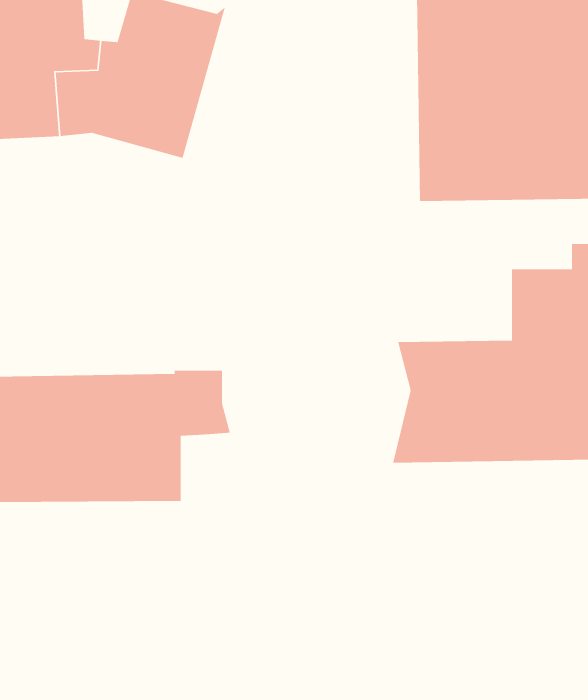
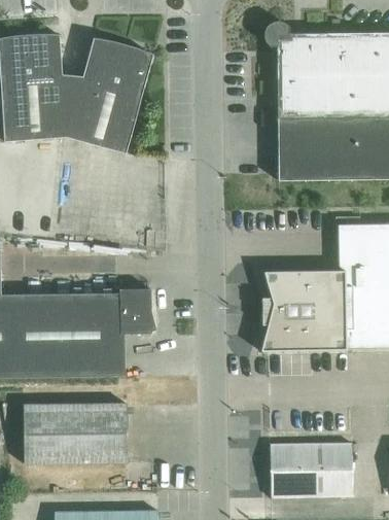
building: none -> [23,404,127,463]
building: none -> [269,443,352,497]

